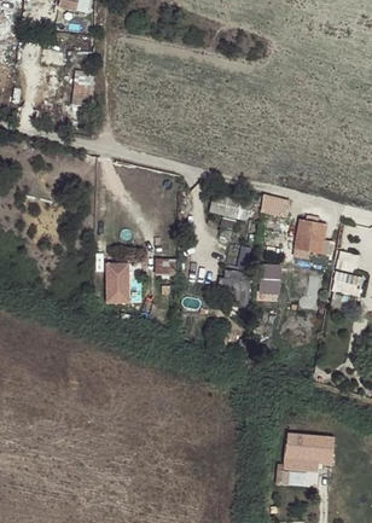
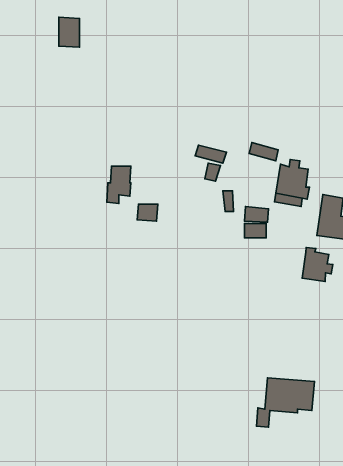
building: [111,269,135,307] -> [107,166,131,203]
building: none -> [302,248,333,281]

